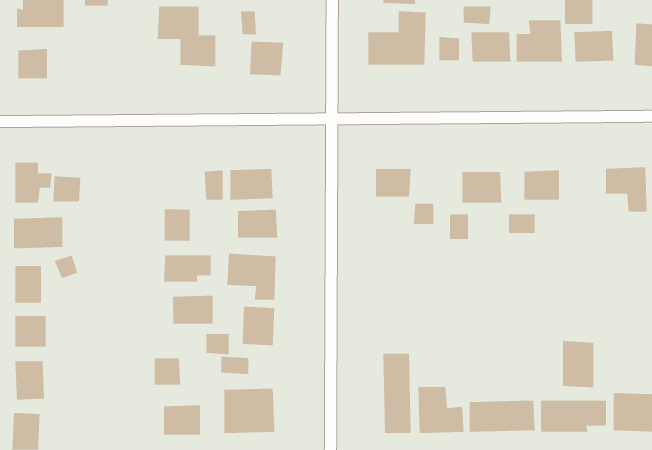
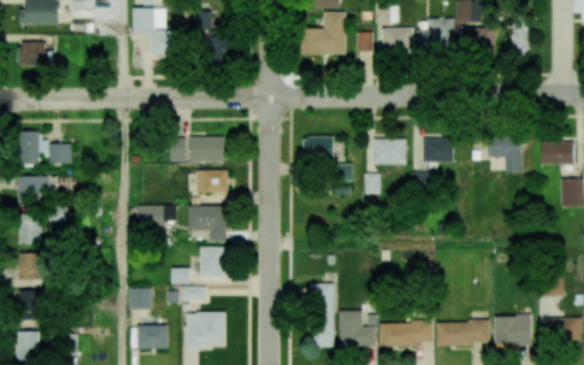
building: [164,208,190,241] -> none
building: [173,295,213,325] -> none
building: [562,340,594,388] -> none

